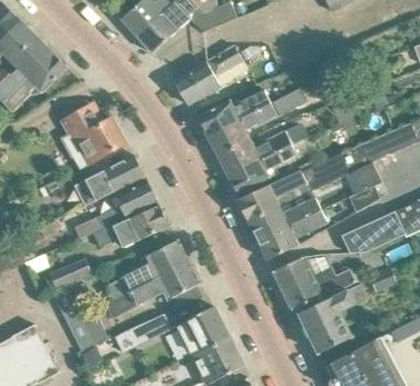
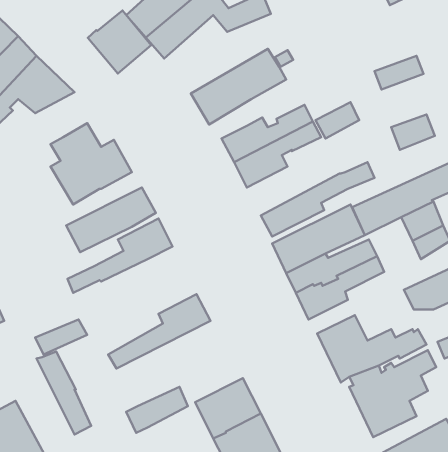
building: none -> [88,11,151,73]
building: [217,130,291,177] -> none
building: [95,204,170,249] -> none
building: [104,260,199,317] -> none

